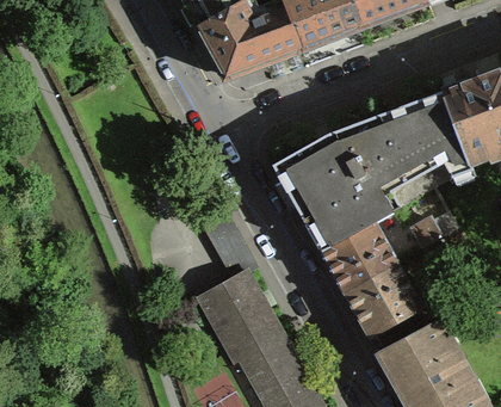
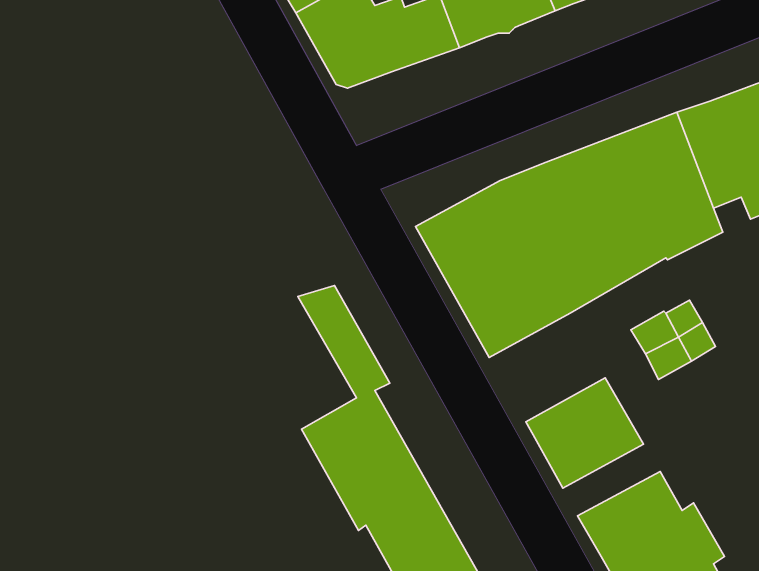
building: [320,222,395,292] -> none

